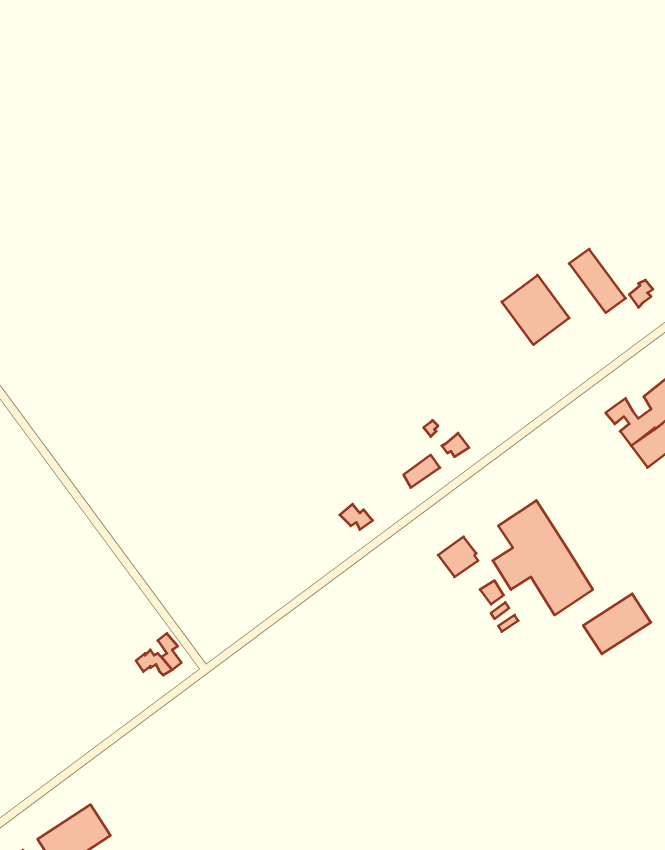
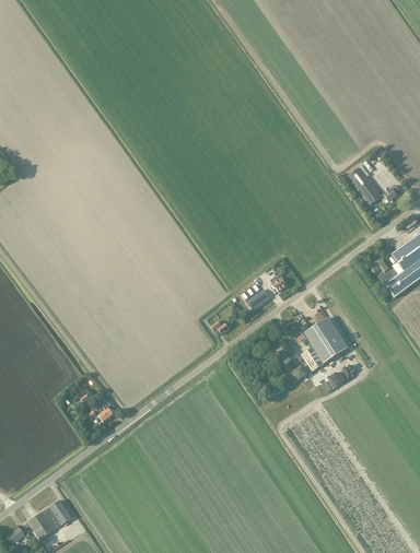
building: [502,275,569,345] -> none
building: [583,594,651,654] -> none

